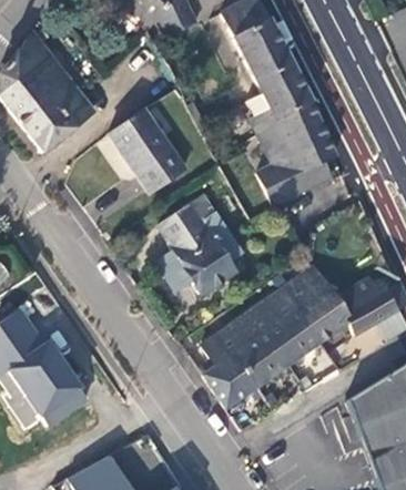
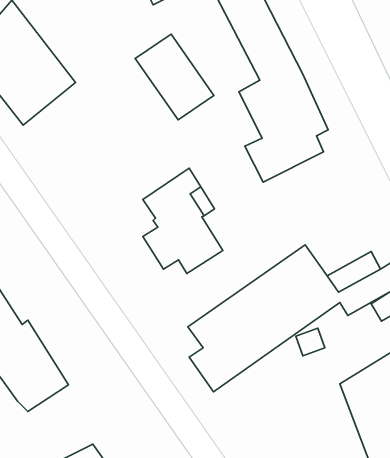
building: [109,110,184,192] -> [135,34,214,120]

